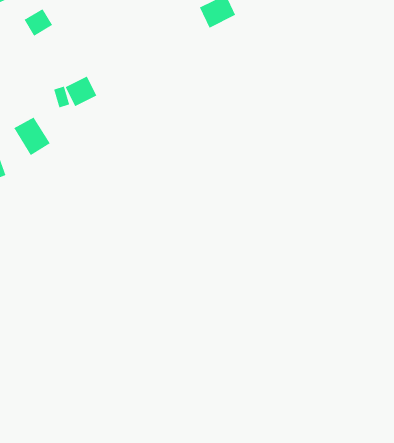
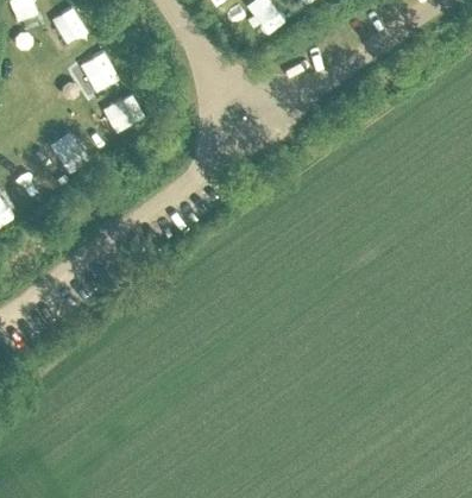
building: none -> [77,58,120,97]

